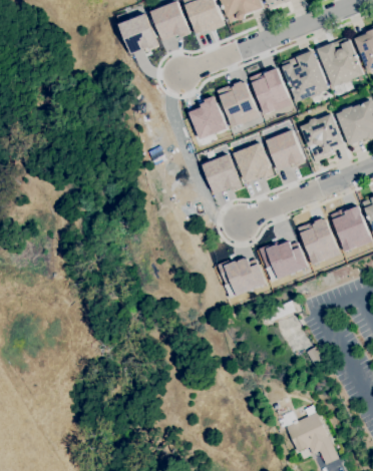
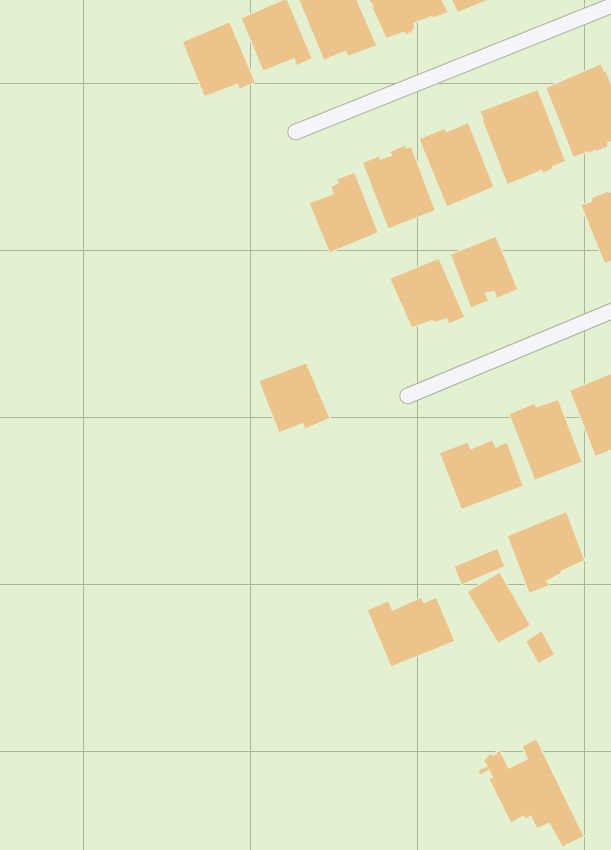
building: [301,113,344,161] -> none
building: [202,153,241,191] -> [259,363,330,433]
building: [217,259,265,297] -> [367,597,455,667]
building: none -> [507,512,585,593]

